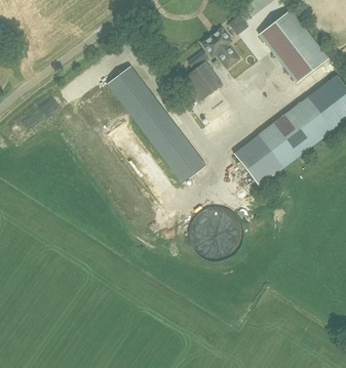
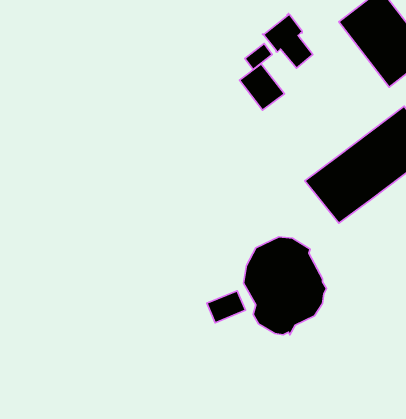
building: [110,68,204,181] -> none
building: none -> [207,291,246,323]

